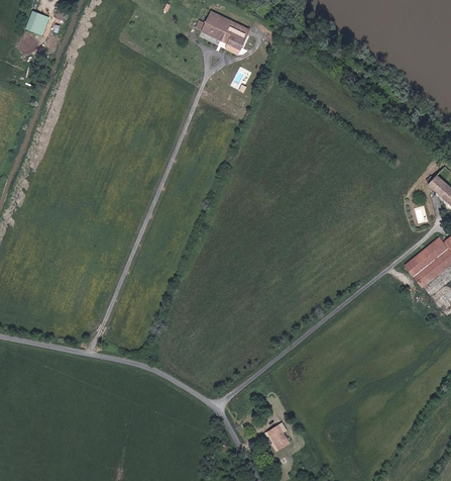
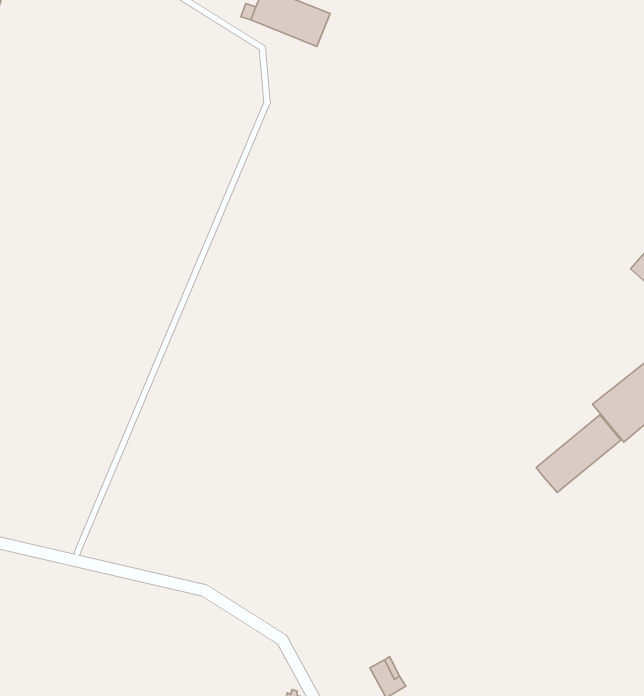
building: none -> [536,415,621,493]

